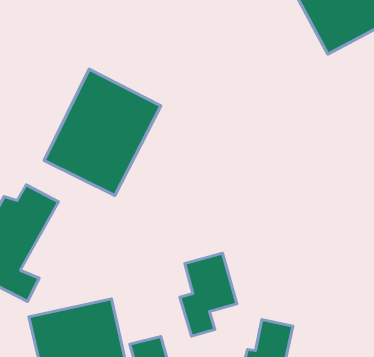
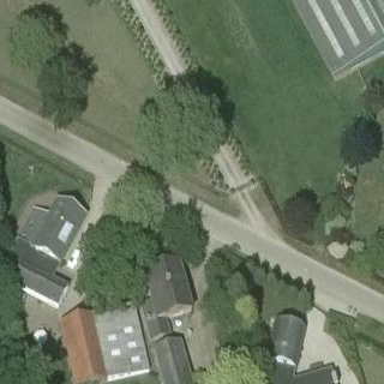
building: [44,69,161,196] -> none
building: [180,253,237,336] -> [139,258,192,335]

